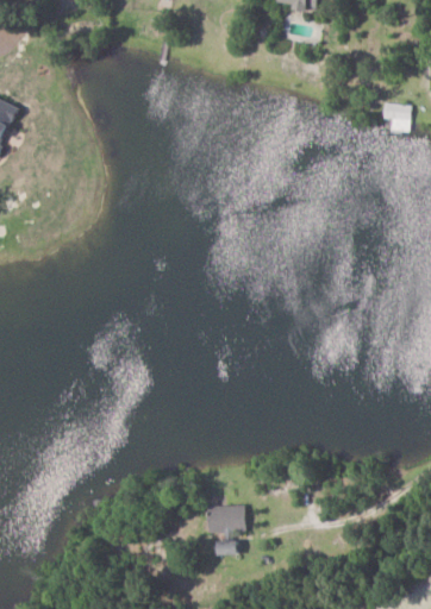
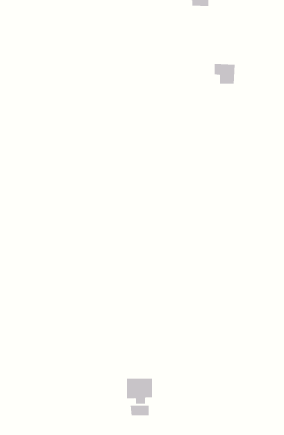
building: [380,103,408,131] -> [214,64,235,84]

